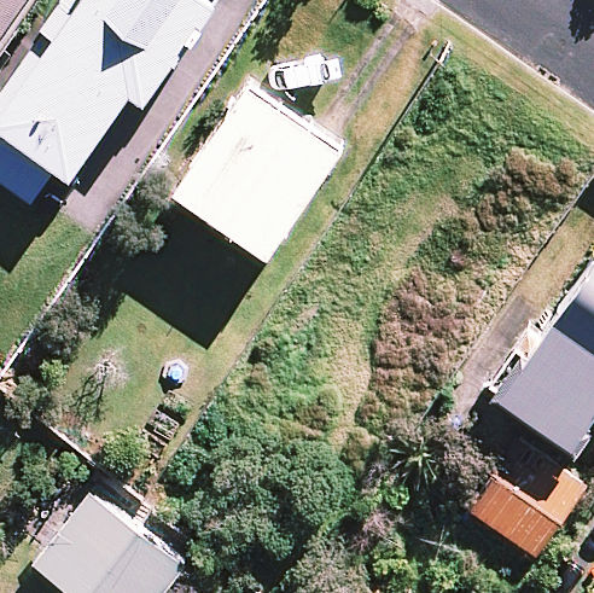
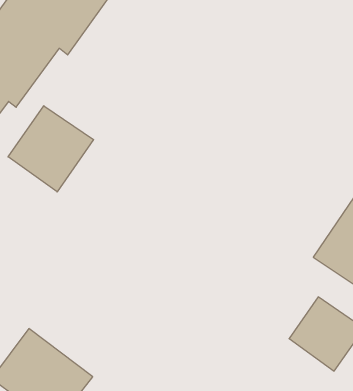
building: [179,87,342,255] -> none
building: none -> [8,106,94,192]

